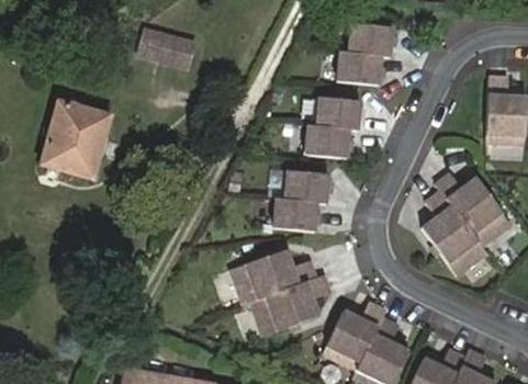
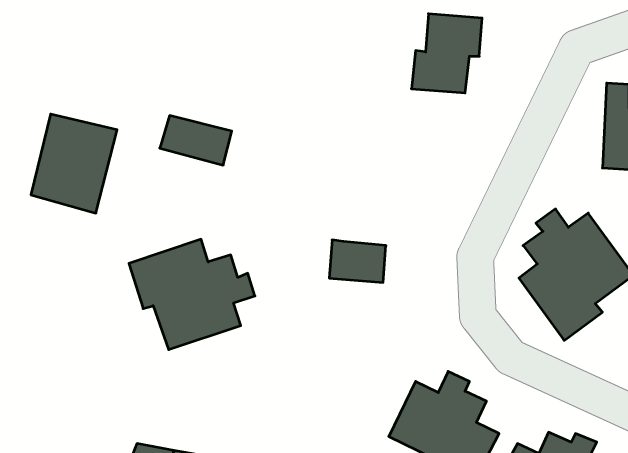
building: [135,27,191,66] -> [160,116,232,165]
building: [305,98,360,159] -> none
building: [284,172,328,204] -> none
building: [228,247,326,332] -> [129,239,255,350]

